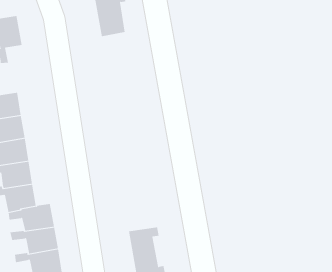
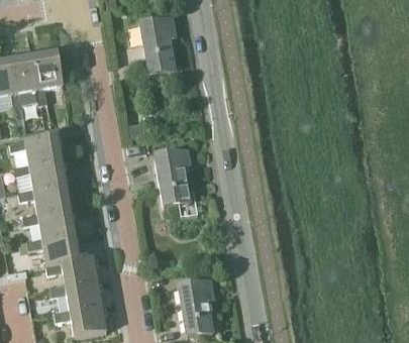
building: none -> [155,149,190,207]

